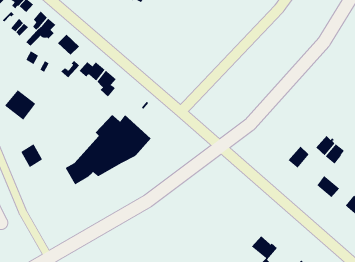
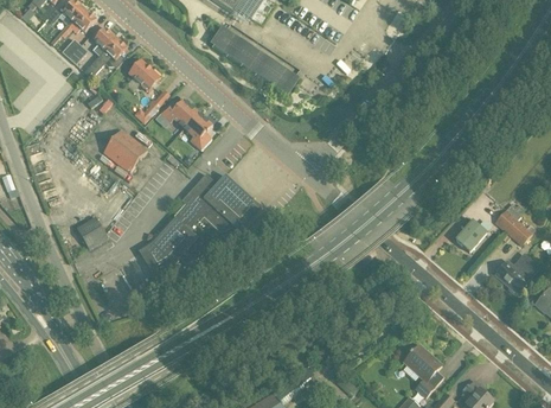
building: none -> [213,25,300,94]
building: [4,90,36,121] -> [102,128,147,172]

